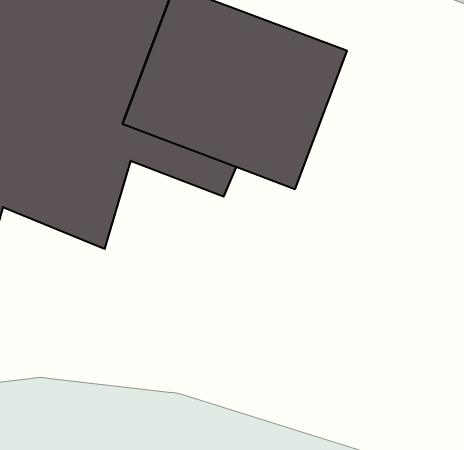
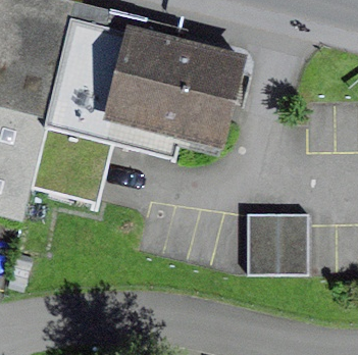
building: none -> [247,210,309,273]

